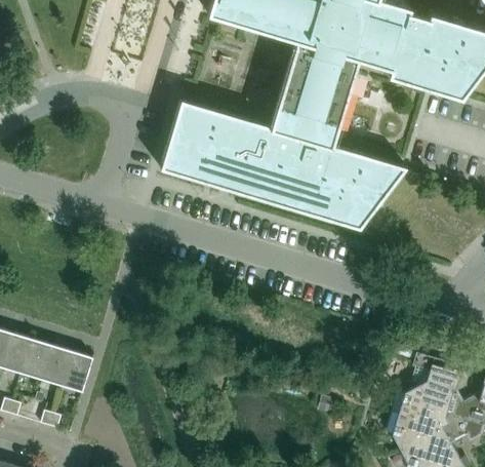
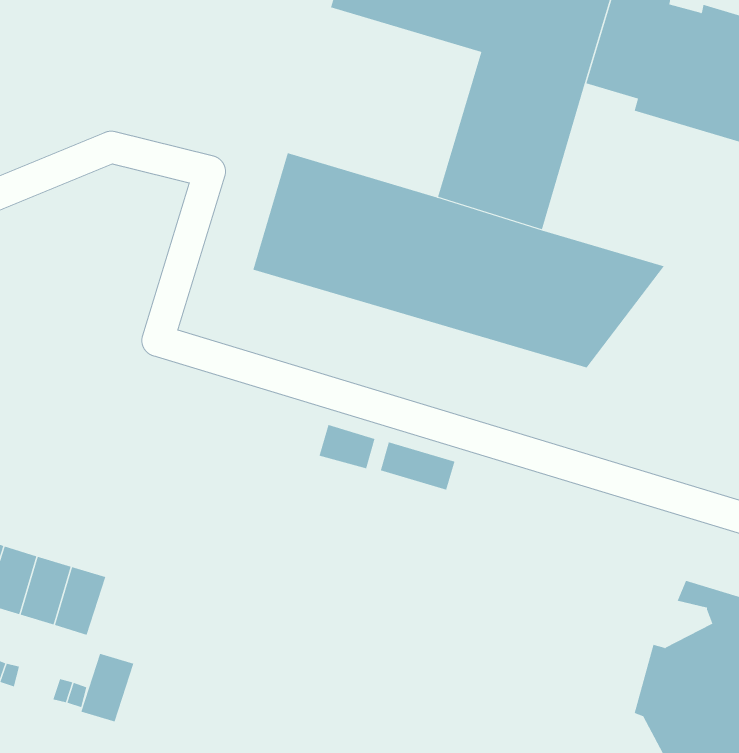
building: none -> [319,424,375,469]
building: none -> [380,442,455,490]
building: [63,353,94,394] -> [81,653,134,722]

